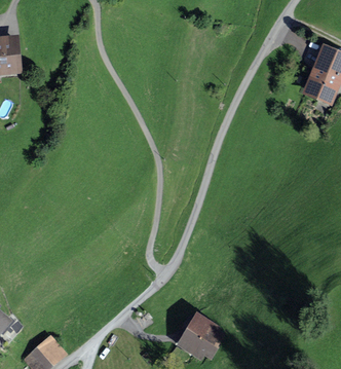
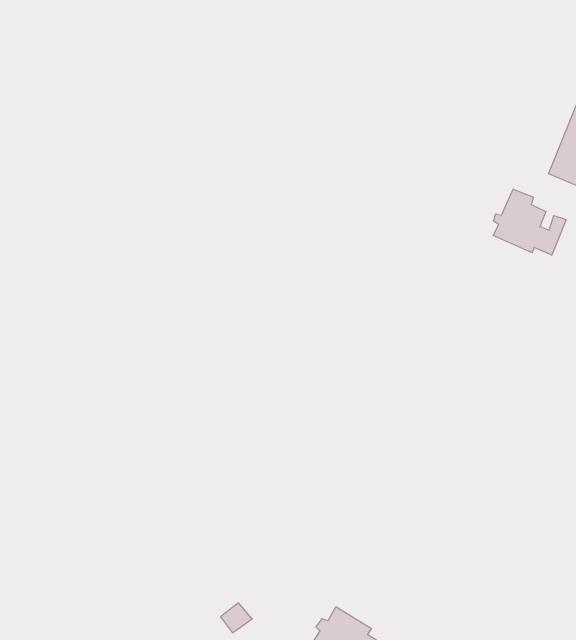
building: none -> [493,189,566,255]

